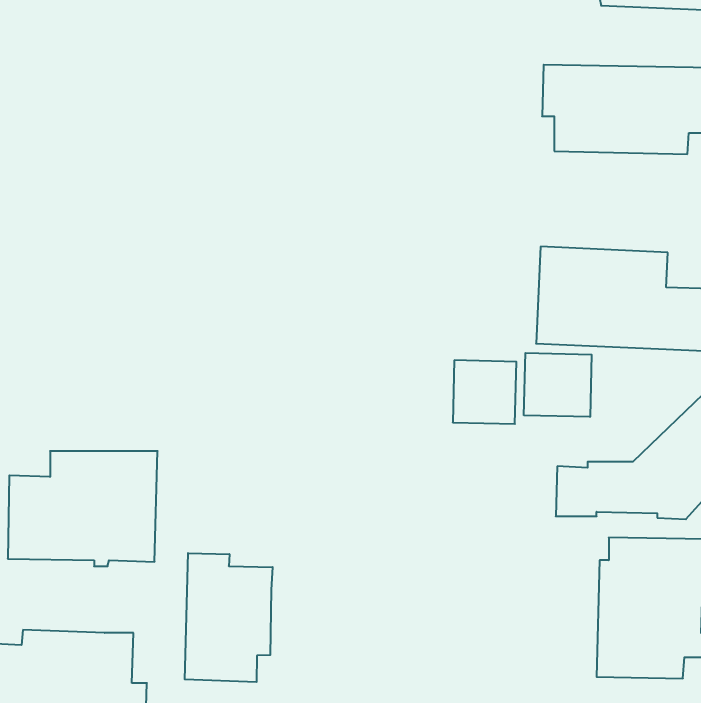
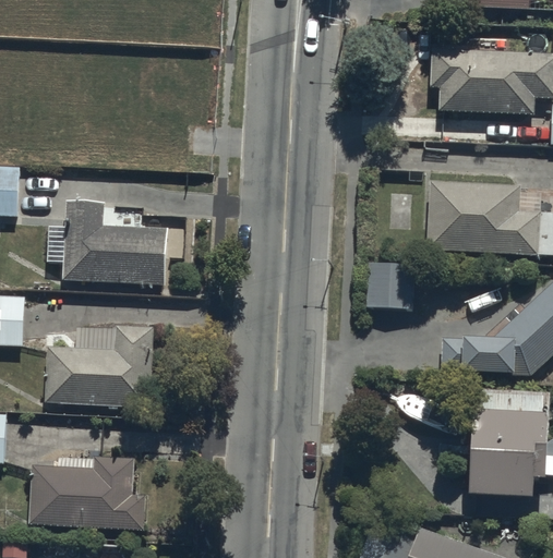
building: none -> [45,201,168,286]
building: [524,353,592,417] -> none
building: [185,553,273,682] -> none

